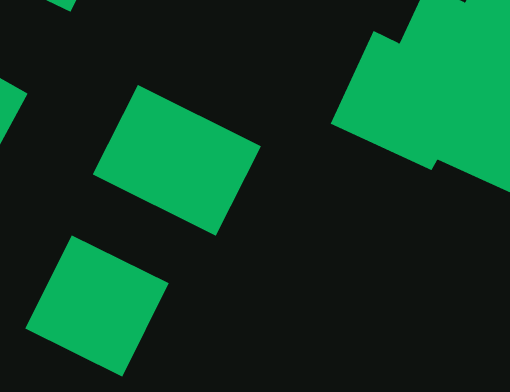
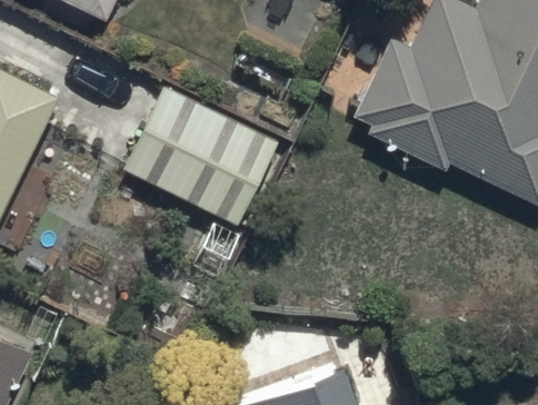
building: [24,234,170,377] -> none

